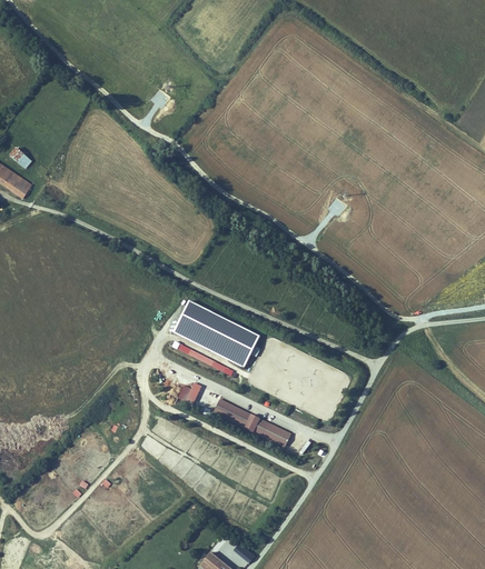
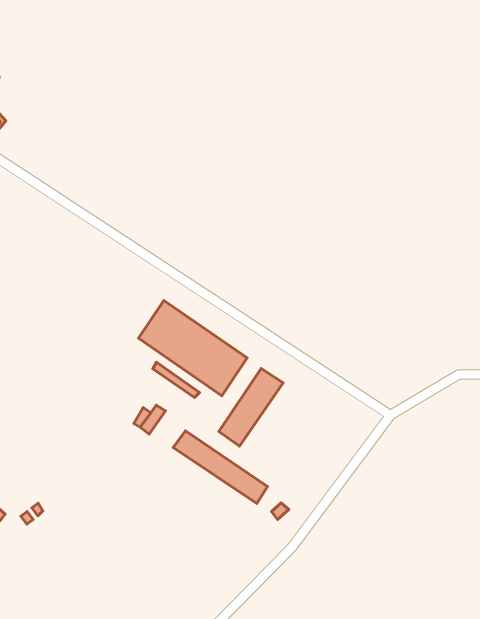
building: none -> [219,369,283,446]

